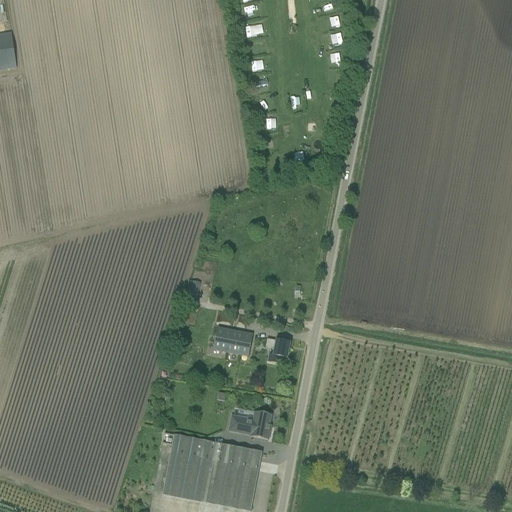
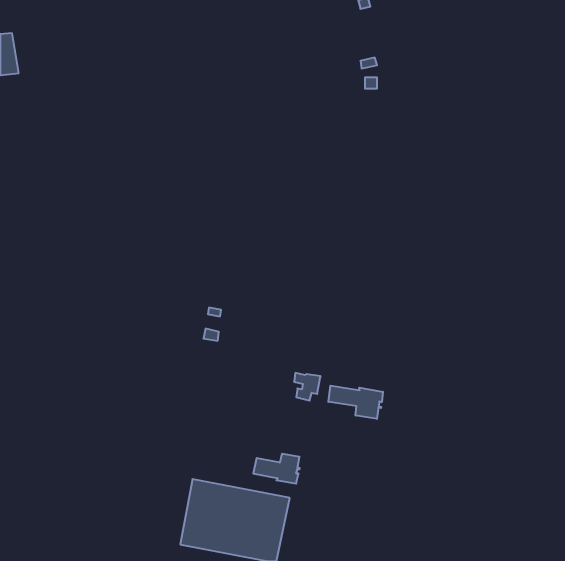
building: [213,326,253,355] -> none
building: none -> [328,386,383,419]

